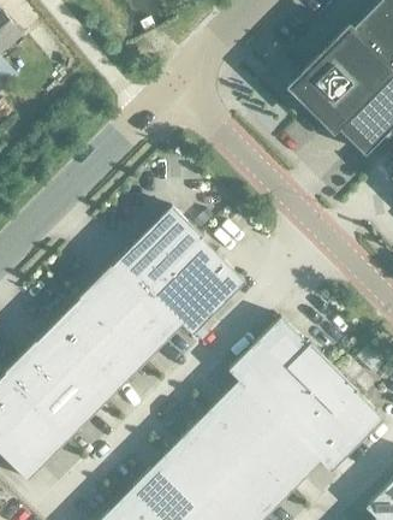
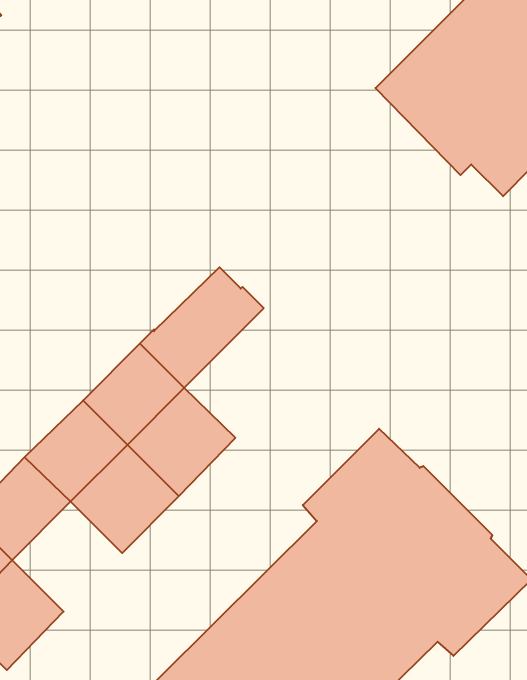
building: [148,236,245,335] -> none
building: [31,367,106,442] -> none

